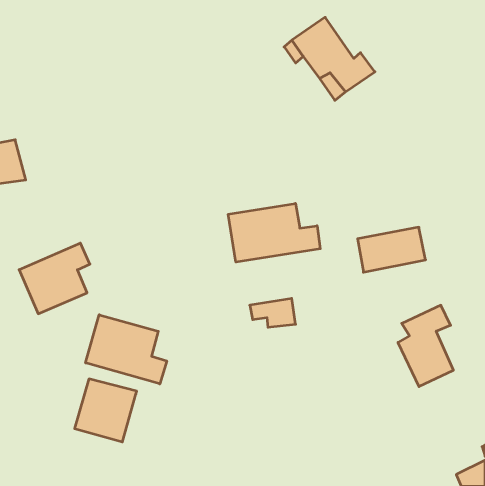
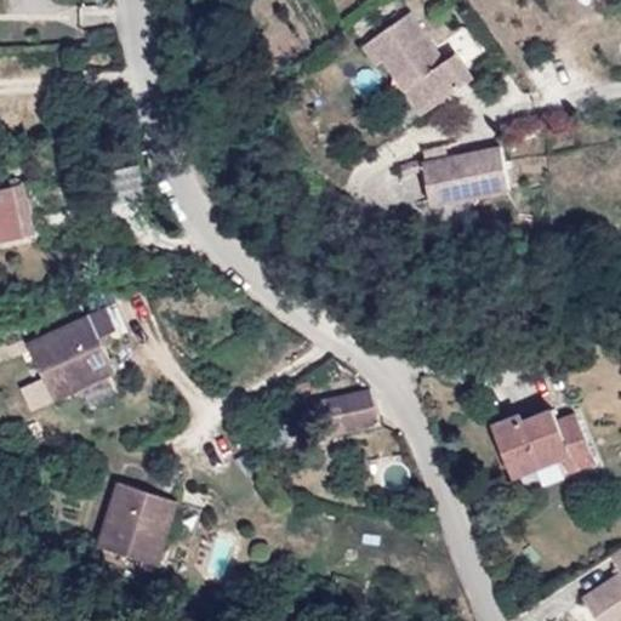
building: [228,203,320,262] -> none
building: [358,227,426,272] -> [427,152,513,209]
building: [86,315,167,384] -> none

